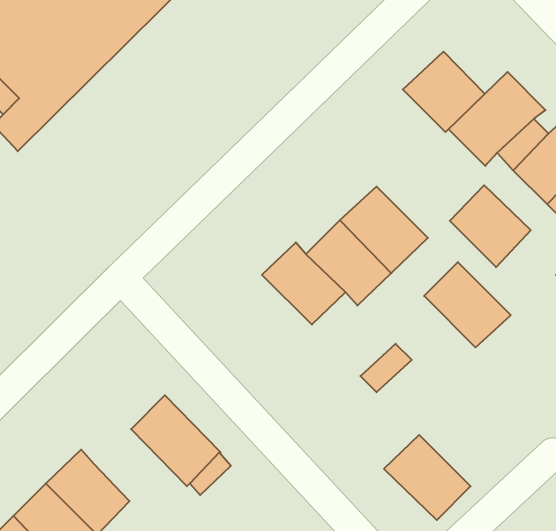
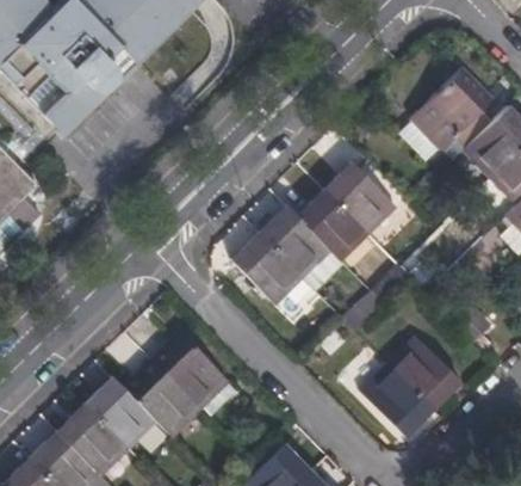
building: [403,52,485,132] -> none
building: [450,185,531,267] -> none
building: [424,262,511,347] -> [389,339,459,408]
building: none -> [232,236,302,304]
building: none -> [125,362,200,437]

